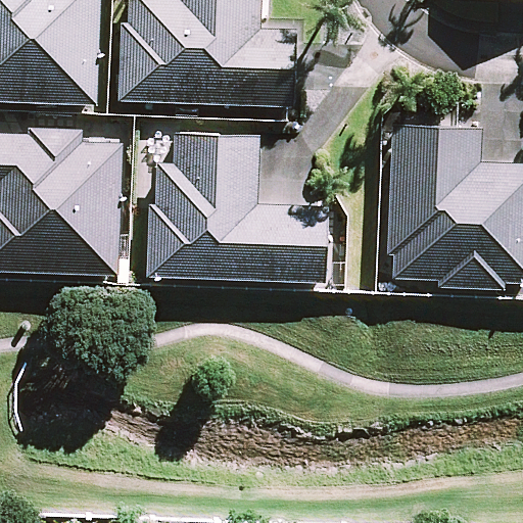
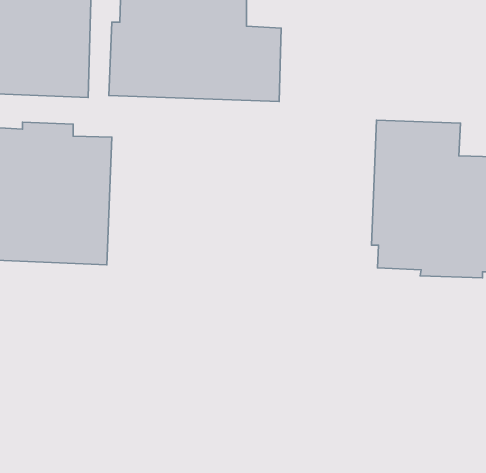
building: [147,135,326,282] -> none

